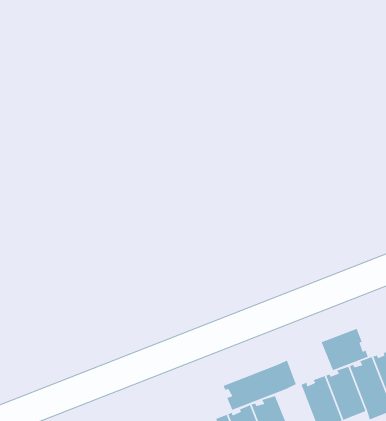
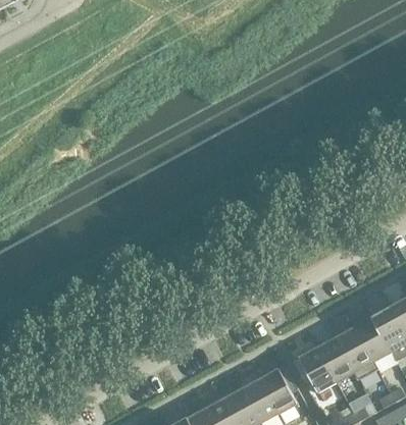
building: [321,328,369,371] -> none
building: [223,359,297,411] -> none

